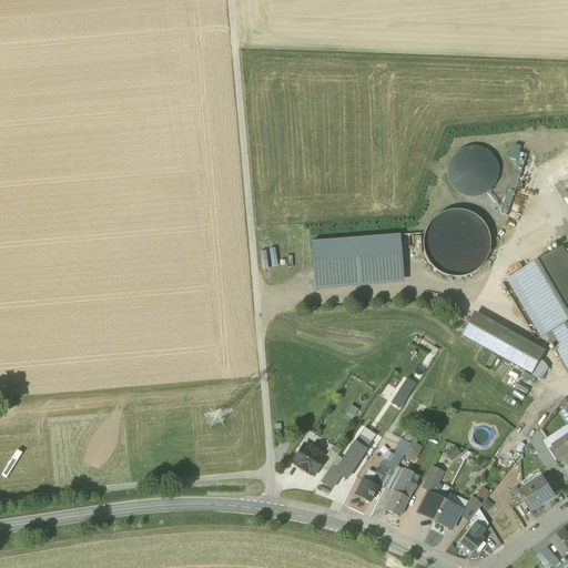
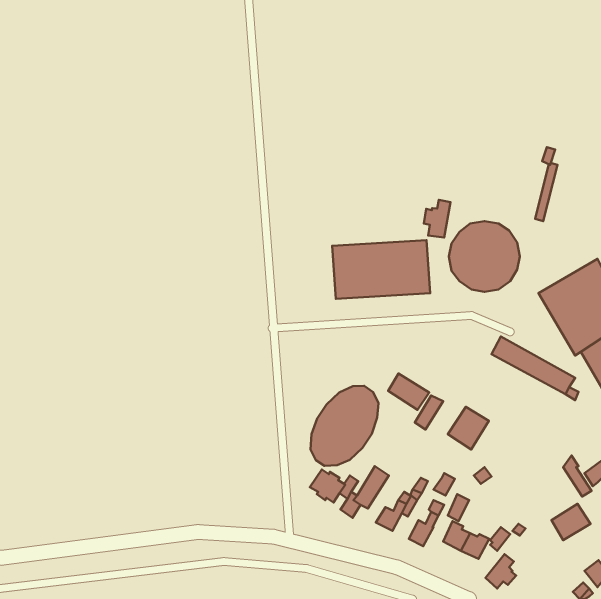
building: [458,150,495,190] -> none
building: none -> [424,200,451,237]
building: none -> [388,373,429,410]
building: none -> [311,386,378,466]
building: none -> [448,407,489,450]

